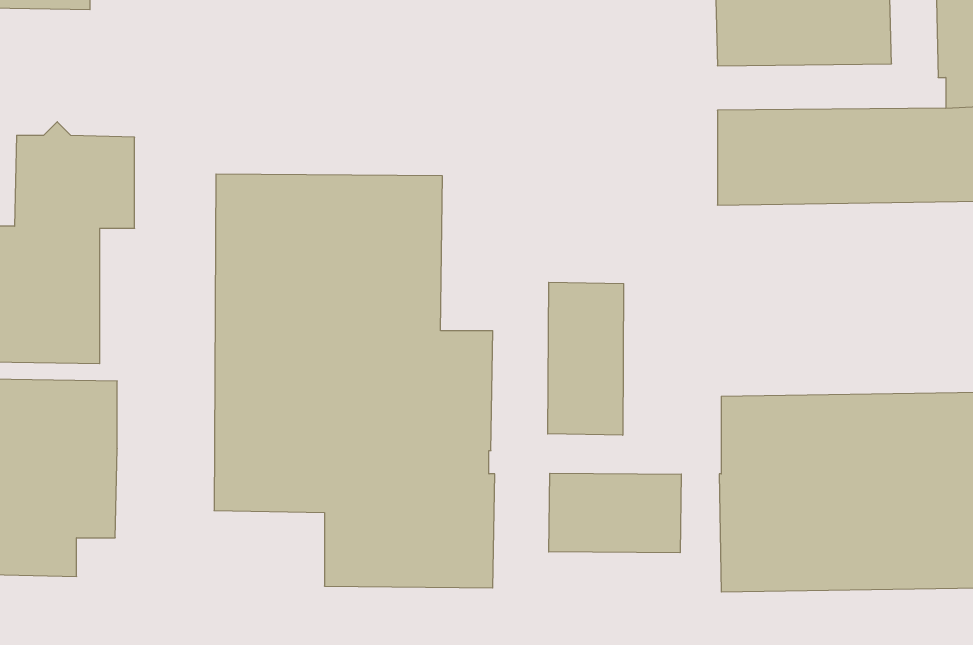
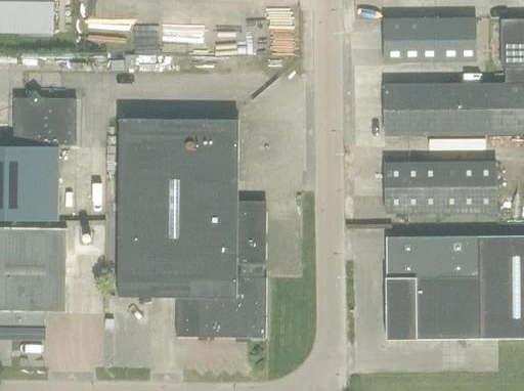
building: none -> [384,162,495,213]
building: [548,282,624,435] -> none
building: [549,473,681,553] -> none

